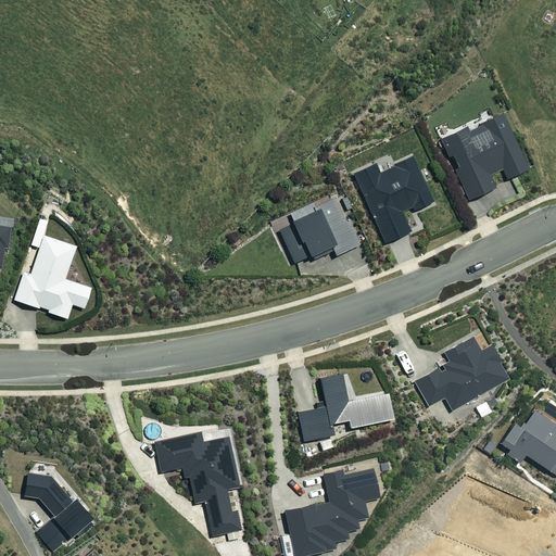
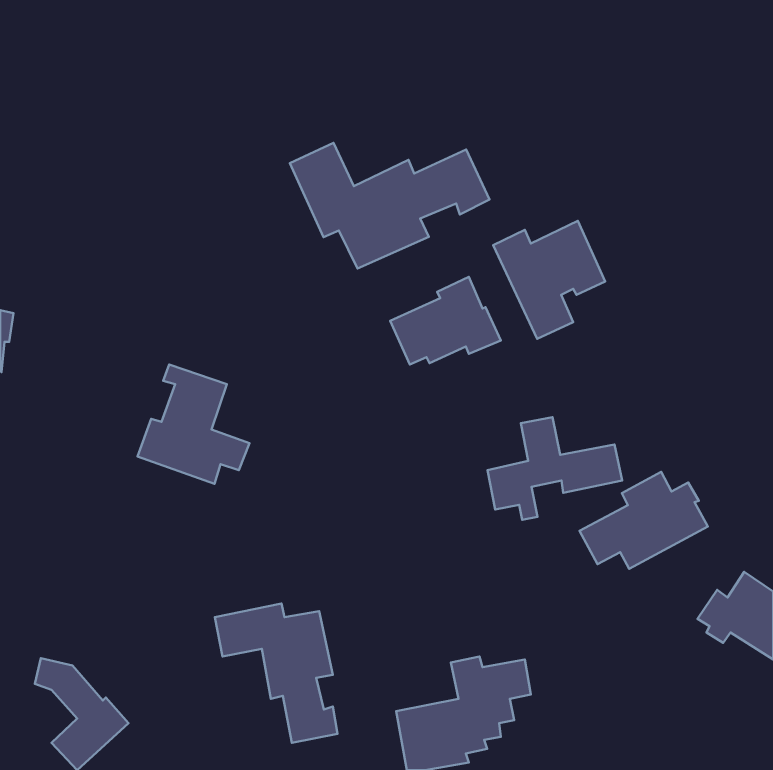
building: none -> [290,143,489,268]
building: [443,116,531,201] -> none
building: [13,232,93,318] -> [137,364,249,484]
building: [298,375,394,448] -> [487,417,622,520]

